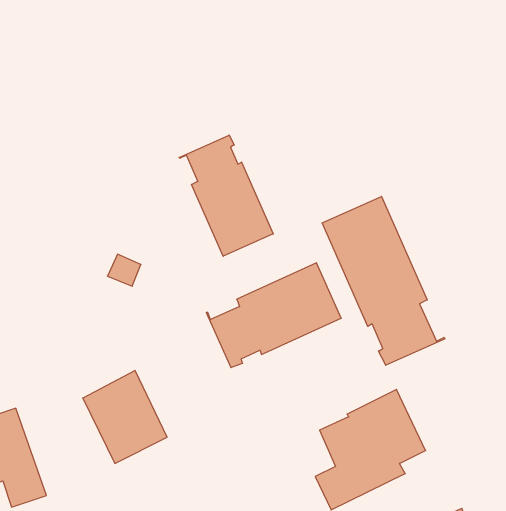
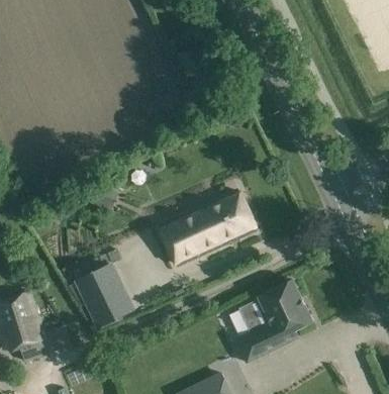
building: [179,135,273,256] -> none
building: [322,196,445,365] -> none

